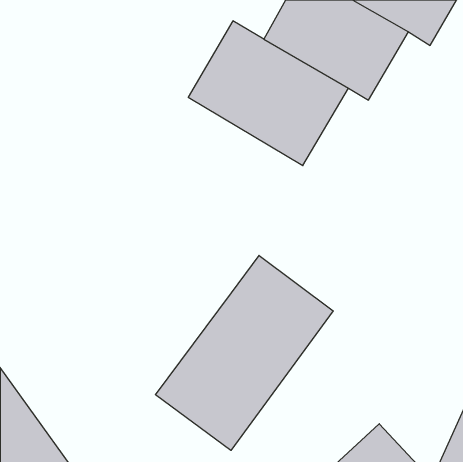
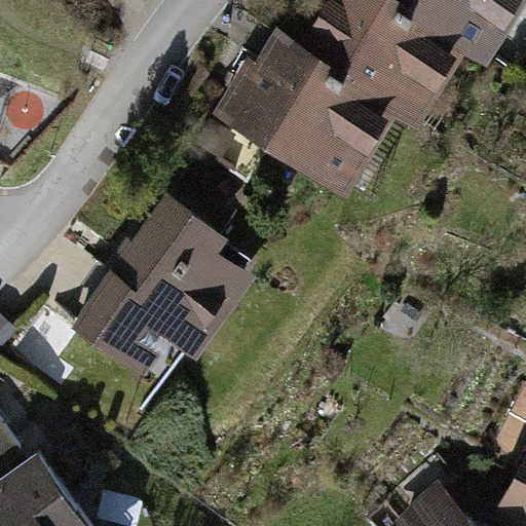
building: none -> [80,201,252,376]
building: [155,255,333,450] -> none

